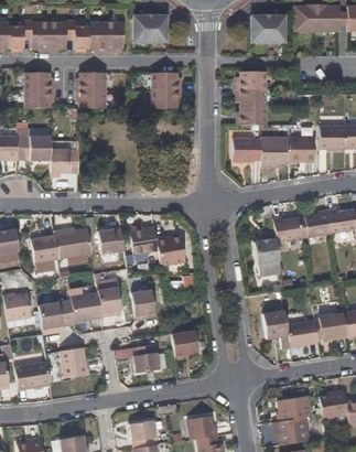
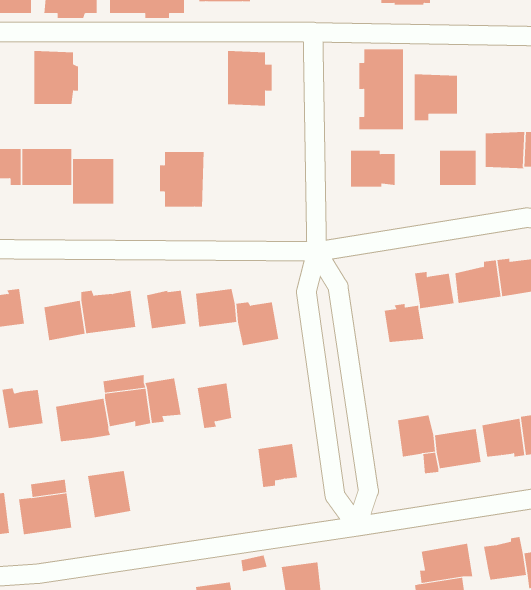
building: [76,73,106,109] -> [159,151,205,207]
building: [261,137,290,168] -> [414,74,458,121]
building: [128,344,159,374] -> none

